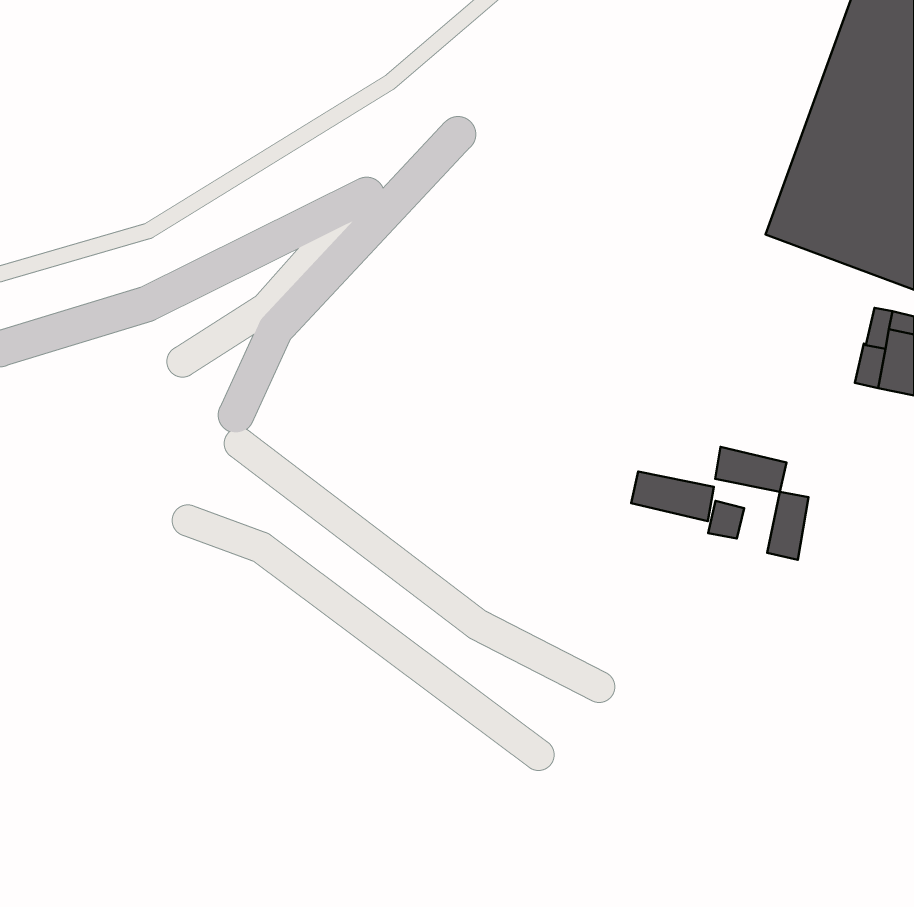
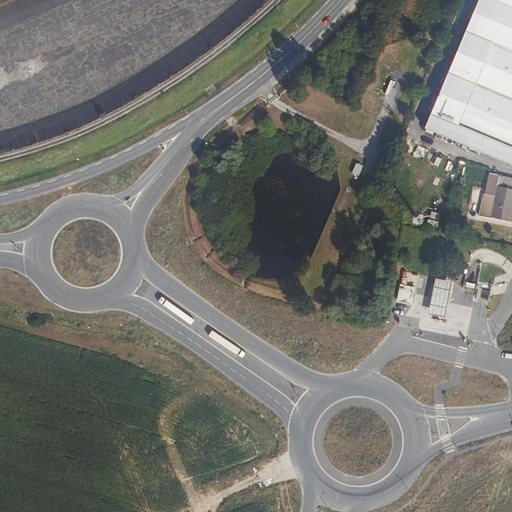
building: [715,447,786,492] -> none
building: [631,471,714,521] -> none

